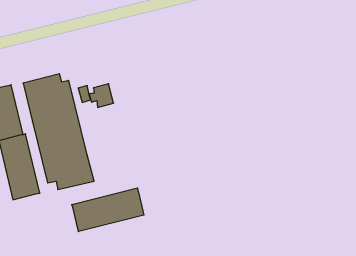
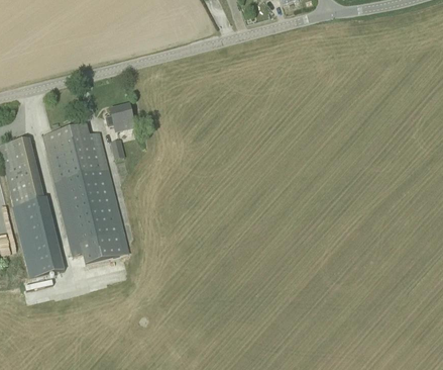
building: [89,84,114,107] -> [106,103,135,131]
building: [72,188,144,232] -> none

